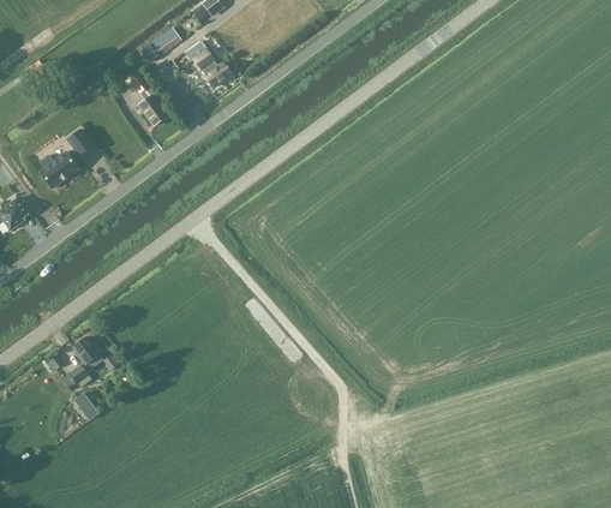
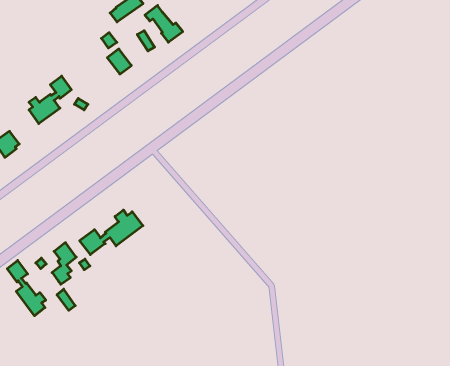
building: none -> [80,210,143,255]
building: none -> [7,260,46,316]

